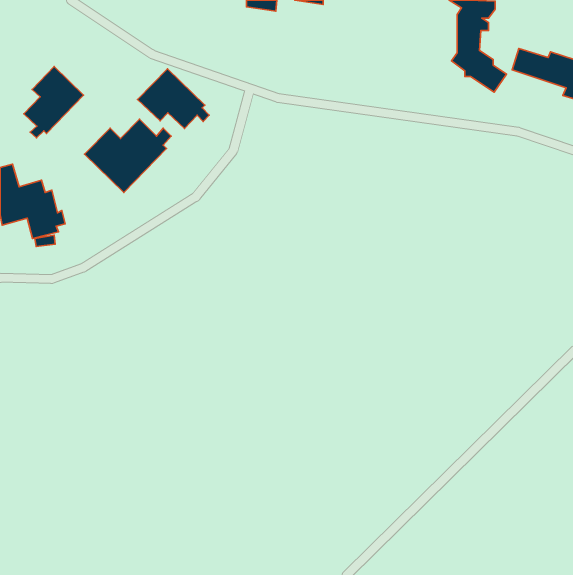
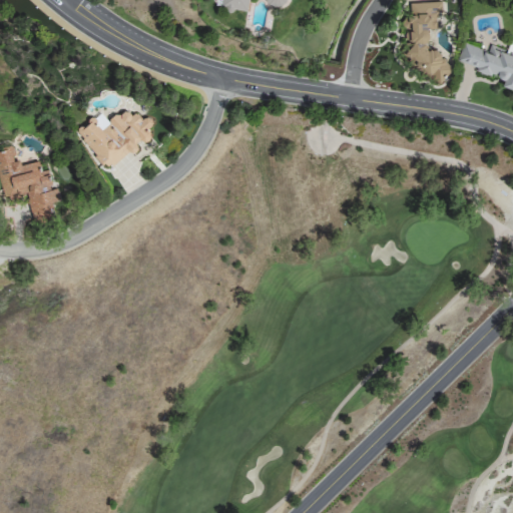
building: [24,66,84,138] -> none
building: [138,69,209,129] -> none

